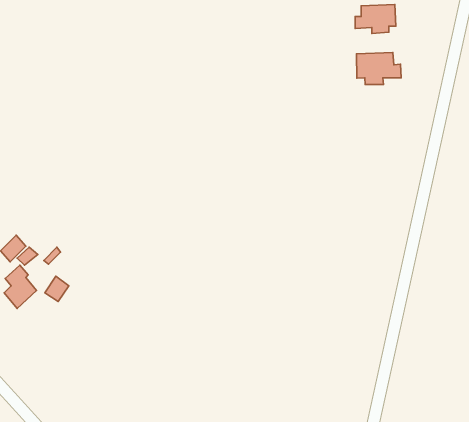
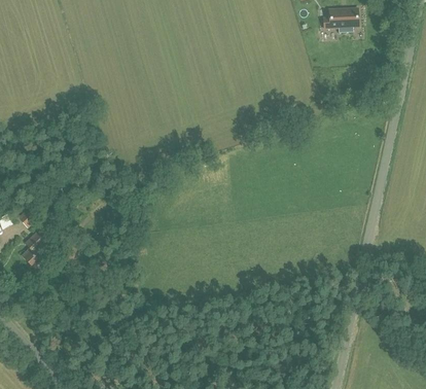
building: [356,53,401,84] -> none

